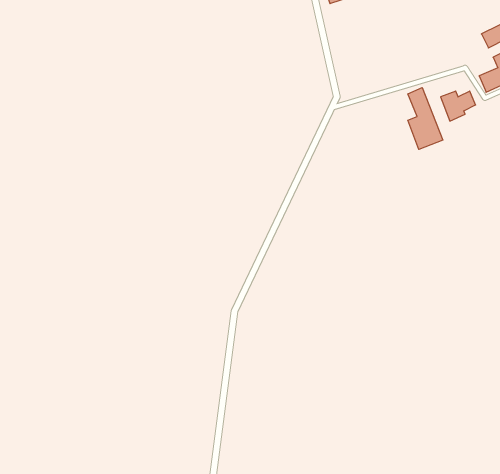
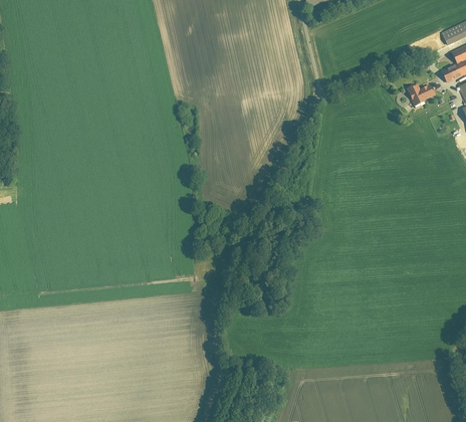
building: [408,88,443,149] -> none

